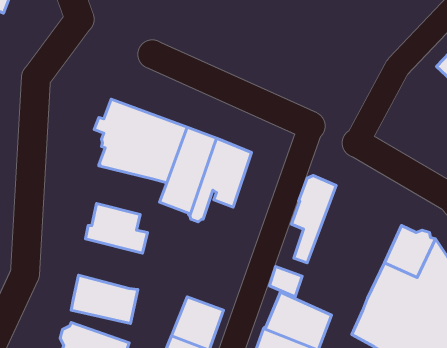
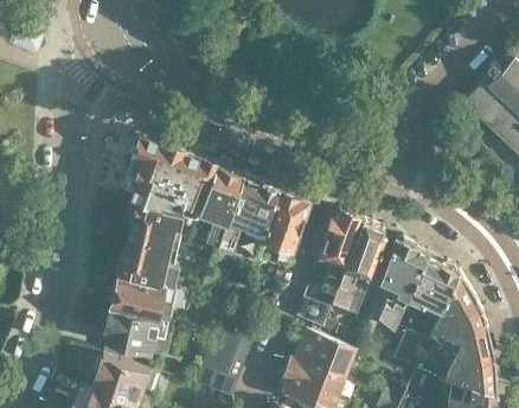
building: none -> [260,189,310,263]
building: none -> [127,202,182,249]
building: none -> [332,221,385,314]
building: none -> [374,238,427,331]
building: none -> [109,273,191,323]

